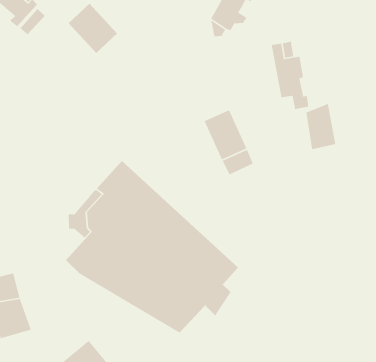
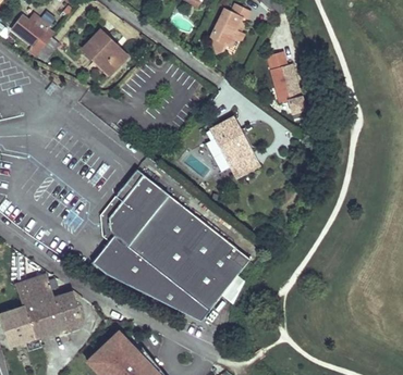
building: [305,103,336,150] -> none
building: none -> [53,292,83,327]

